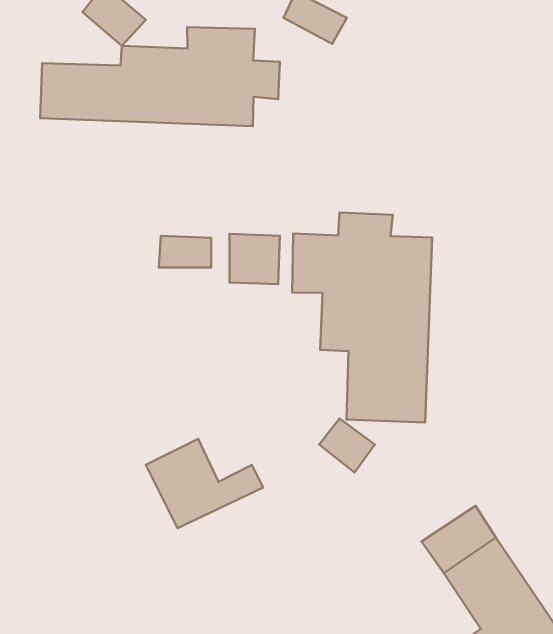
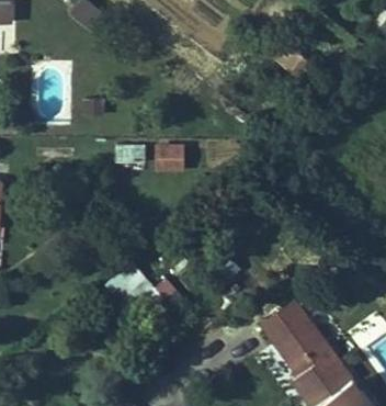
building: [40,27,280,126] -> none
building: [292,213,432,422] -> none

